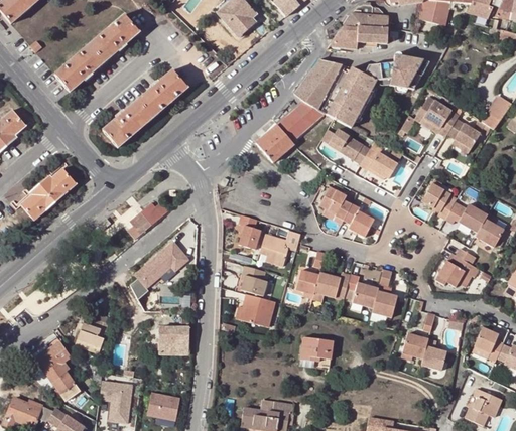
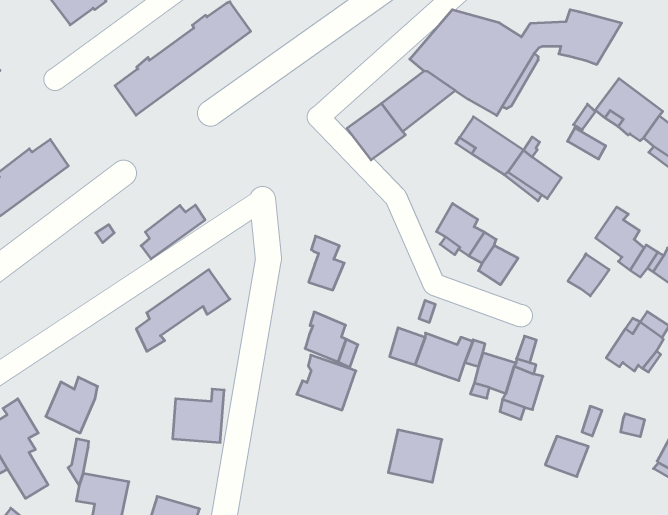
building: none -> [568,254,609,296]
building: [259,232,300,266] -> none
building: [422,338,447,370] -> none

